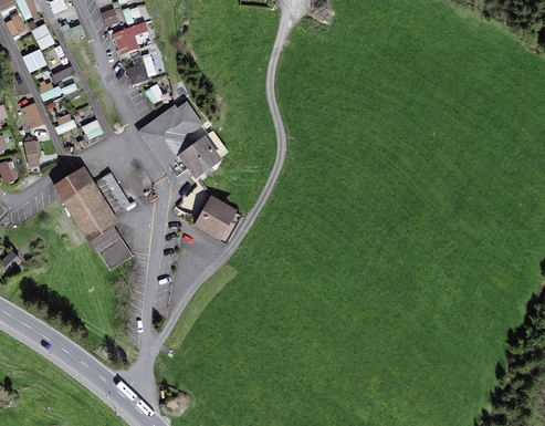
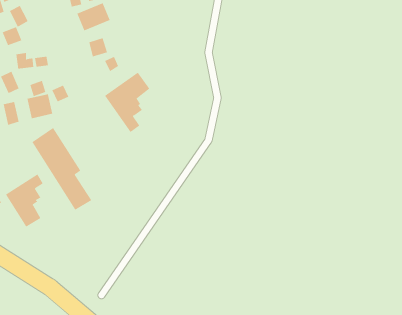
building: none -> [27,93,53,119]
building: [185,142,214,172] -> none
building: [193,199,240,240] -> none
building: none -> [5,174,44,228]

